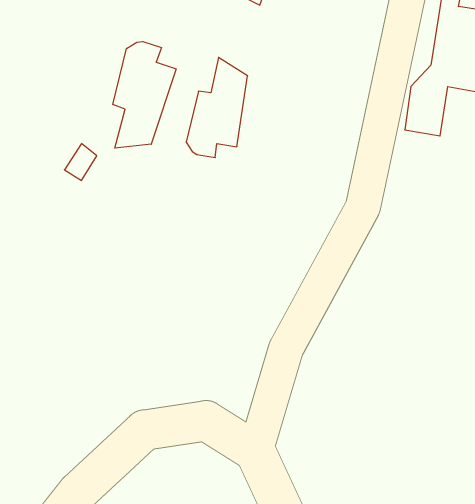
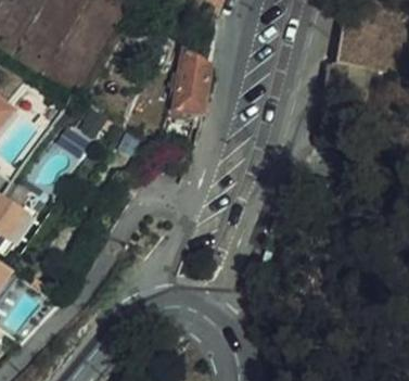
building: [113,42,176,148] -> none

